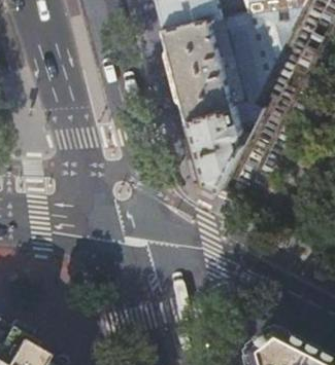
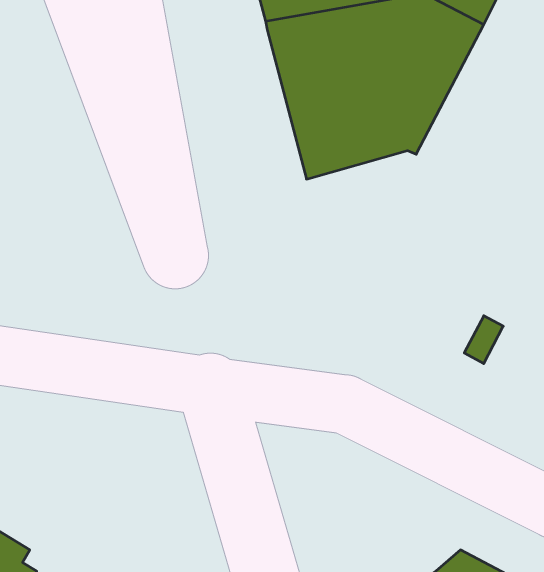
building: [186,105,260,191] -> none

